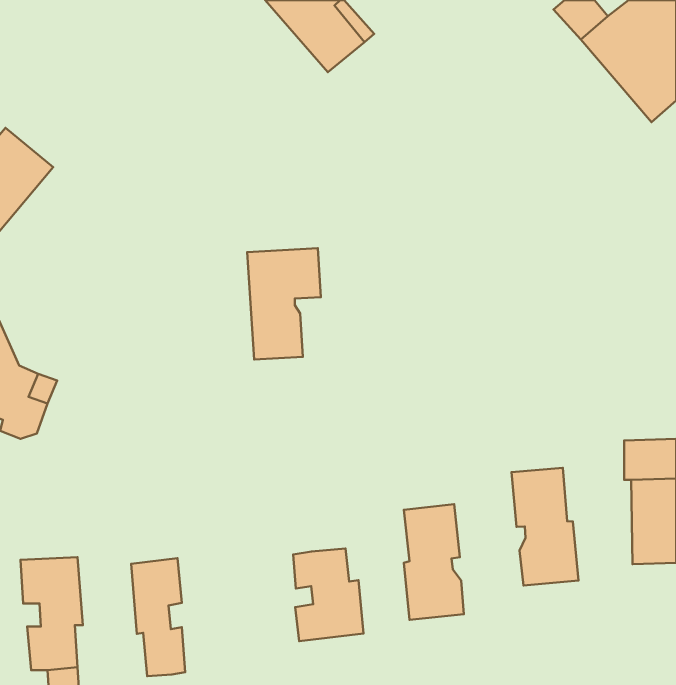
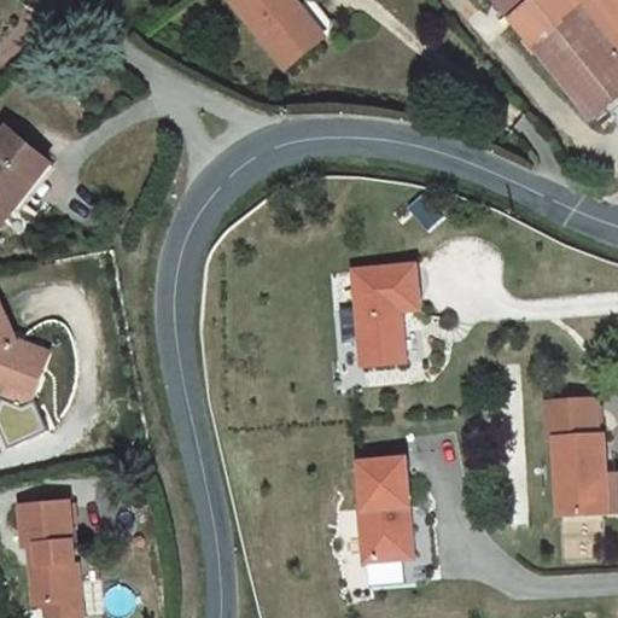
building: [247,248,321,360] -> [361,256,426,355]
building: [512,468,579,586] -> none
building: [293,549,364,641] -> none
building: [131,558,185,676] -> none

